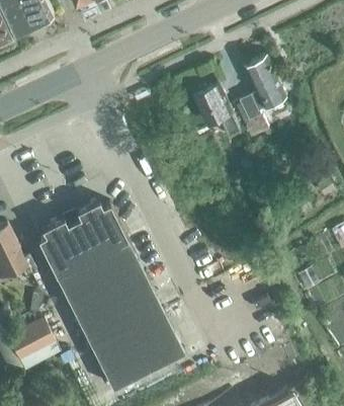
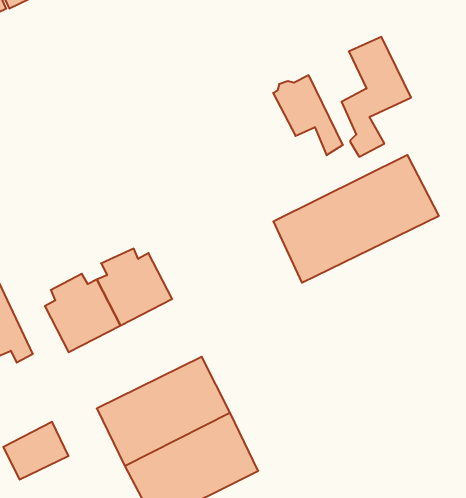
building: none -> [273,155,439,283]
building: [54,237,145,312] -> none

